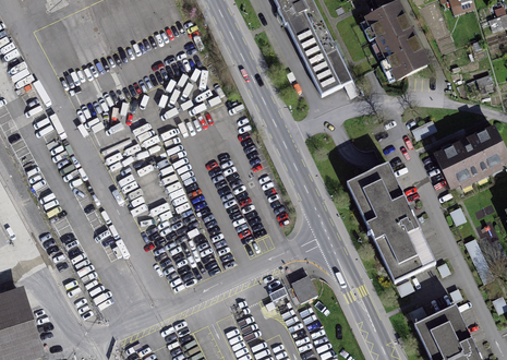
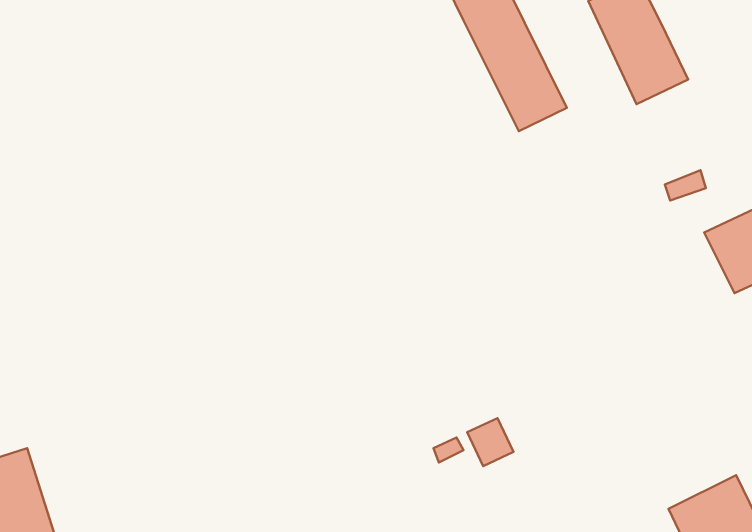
building: [345,164,435,285] -> none

